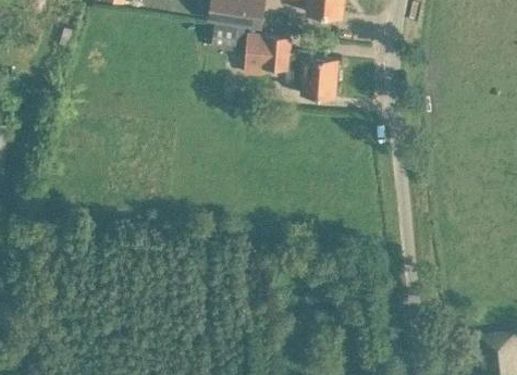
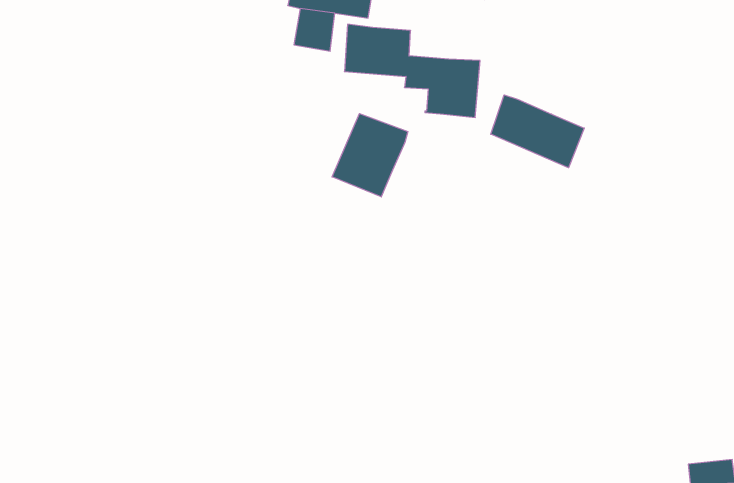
building: none -> [491,95,584,168]
building: none -> [332,114,408,197]

